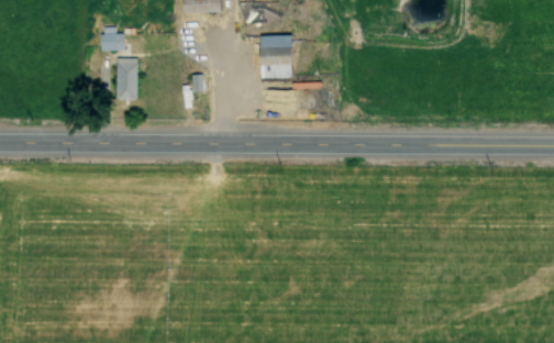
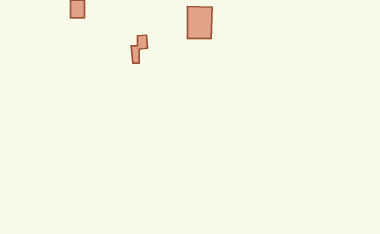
building: [117,58,138,100] -> none

